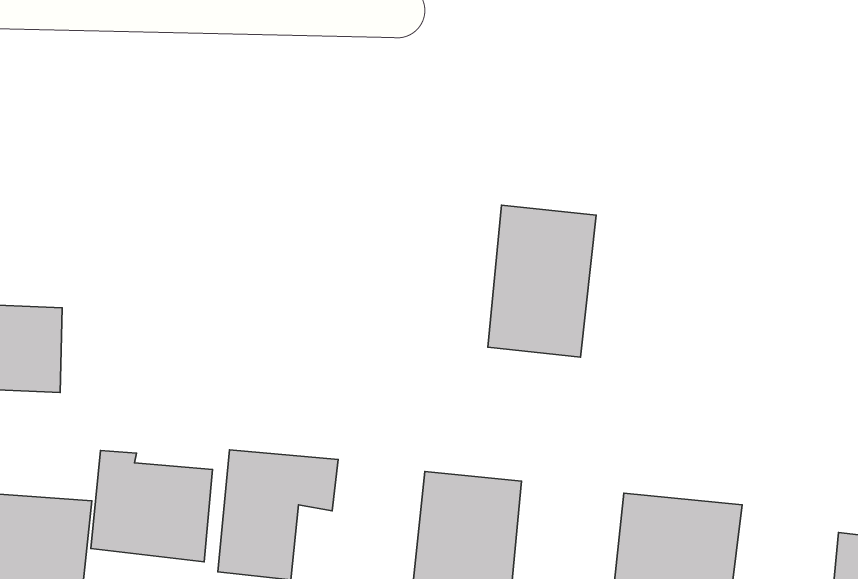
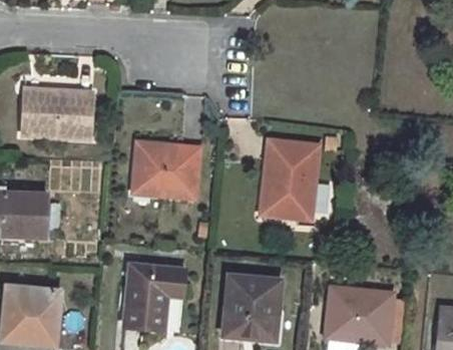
building: none -> [23,88,92,137]
building: none -> [134,143,197,196]
building: [91,450,213,562] -> none

